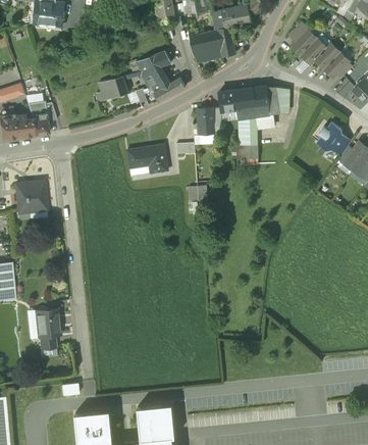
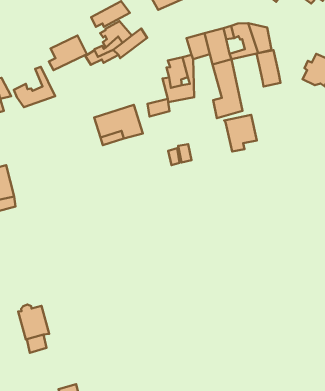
building: none -> [14,67,55,107]
building: none -> [256,50,281,86]
building: none -> [224,115,257,152]

